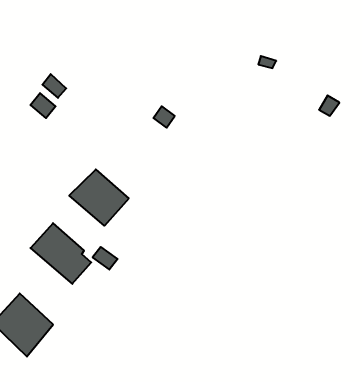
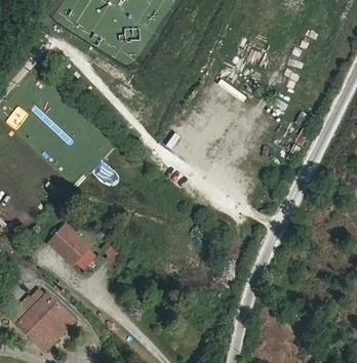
building: [69,169,129,226] -> none

